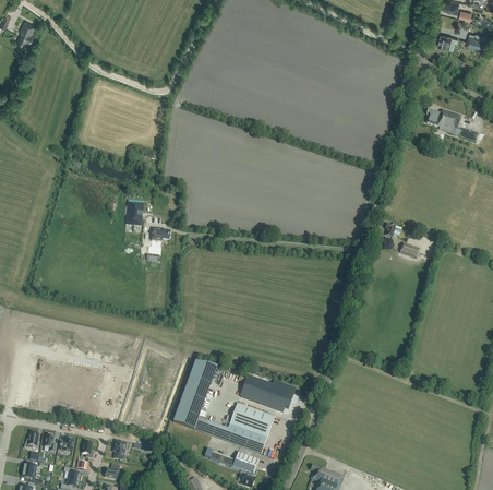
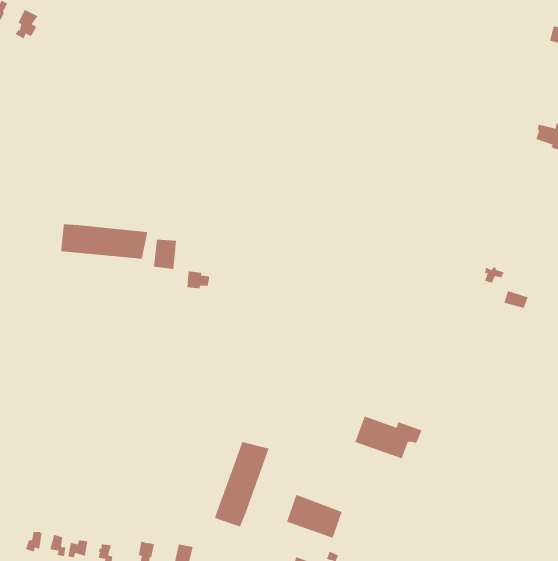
building: none -> [61,224,148,260]
building: [240,375,293,410] -> [355,416,422,460]

